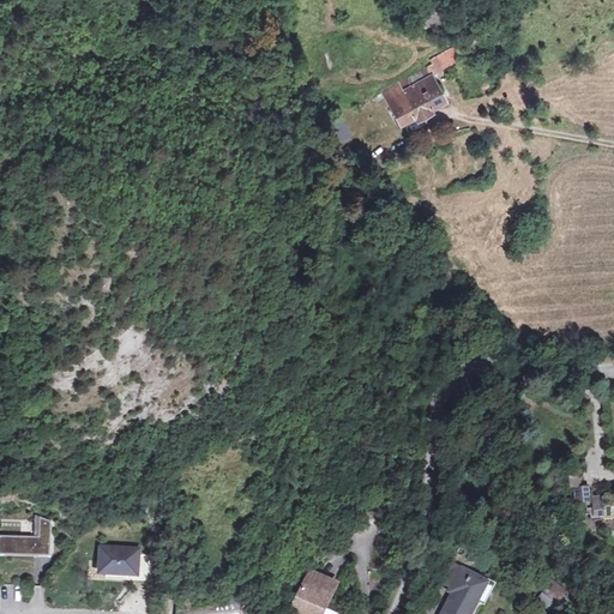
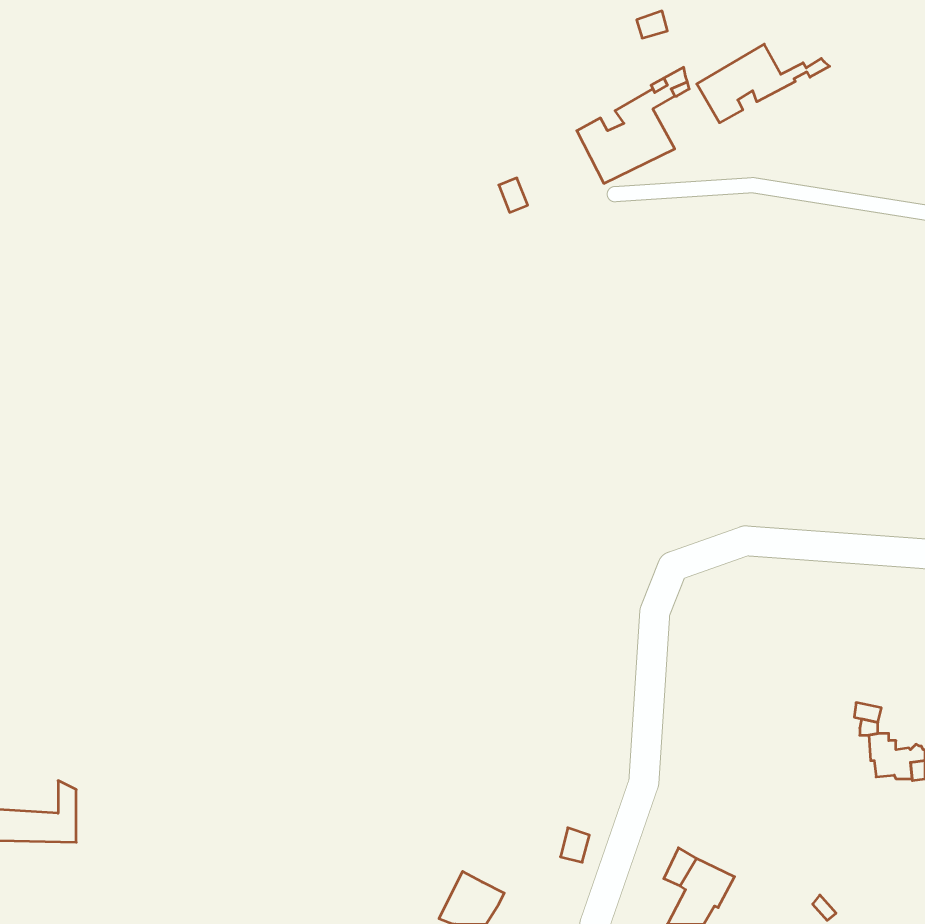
building: none -> [697,44,830,123]
building: [97,547,140,578] -> none

